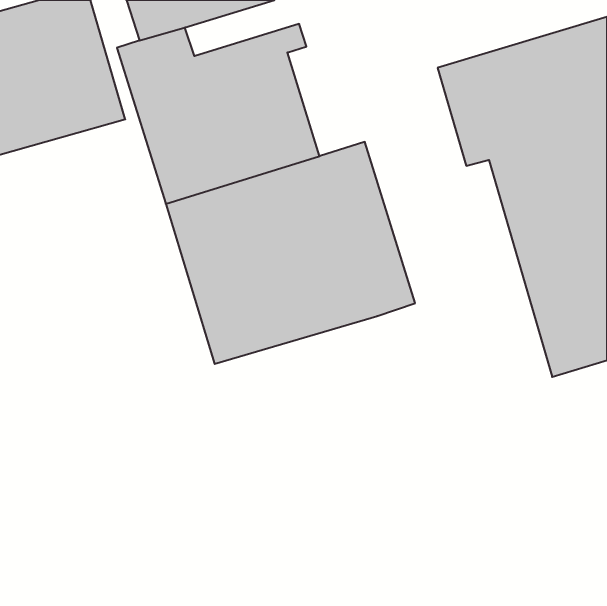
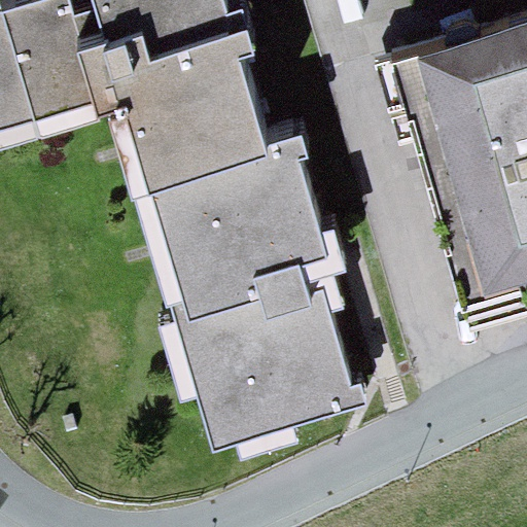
building: none -> [185,276,376,448]

